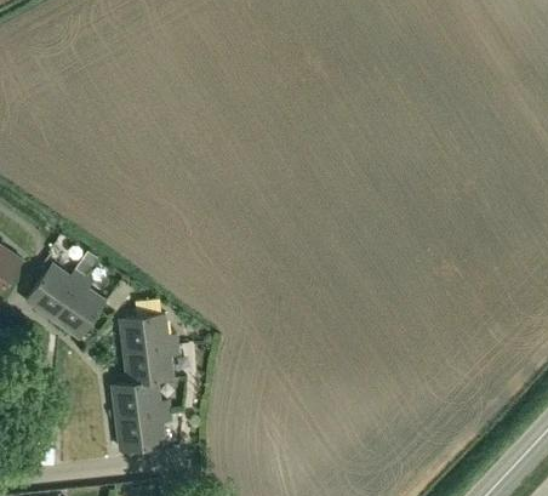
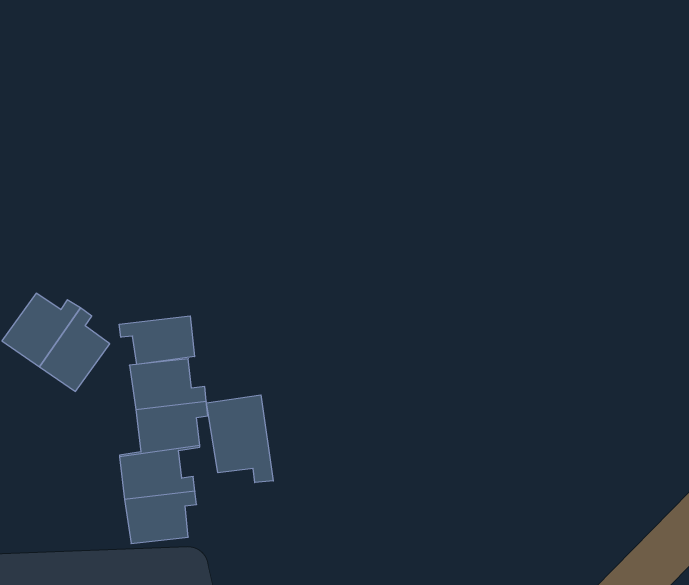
building: none -> [119,316,195,364]
building: none -> [206,395,273,483]

